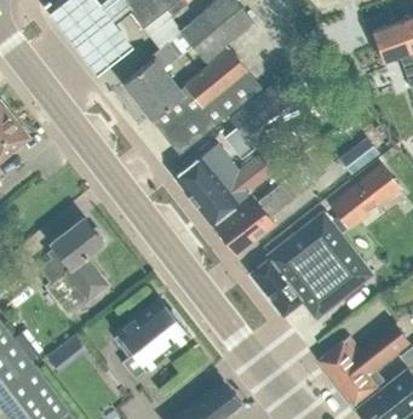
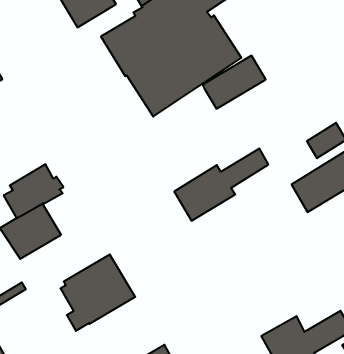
building: [174,144,273,224] -> none
building: [251,213,369,317] -> none

